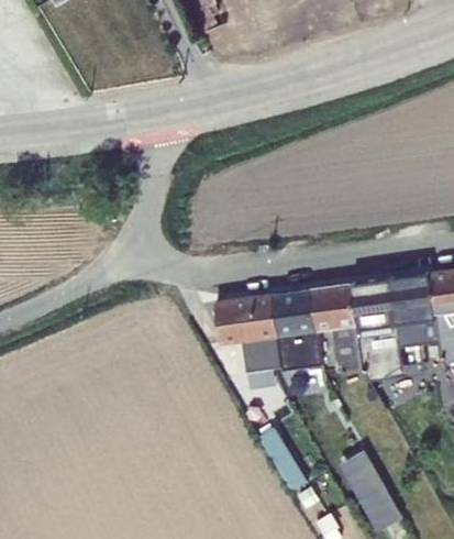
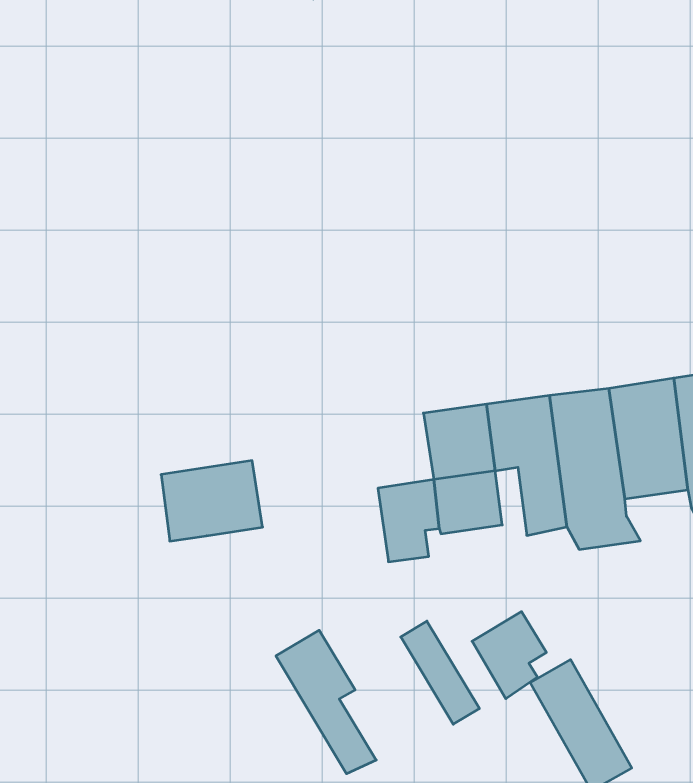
building: [214,294,278,344] -> [161,461,263,541]
building: none -> [472,612,546,699]
building: none -> [276,630,376,774]

